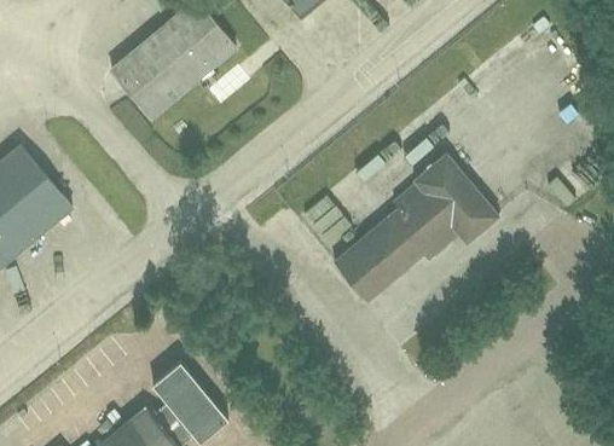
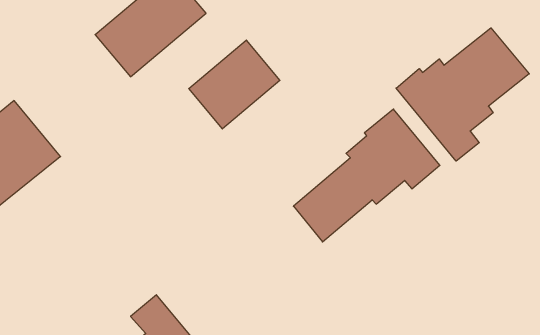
building: none -> [396,28,529,161]
building: none -> [189,40,280,129]

